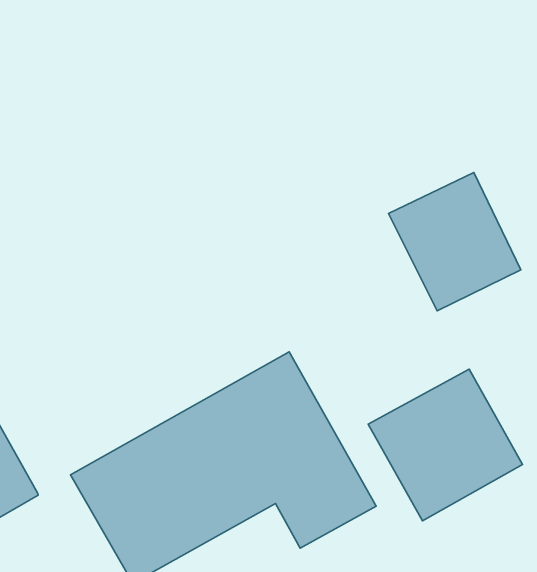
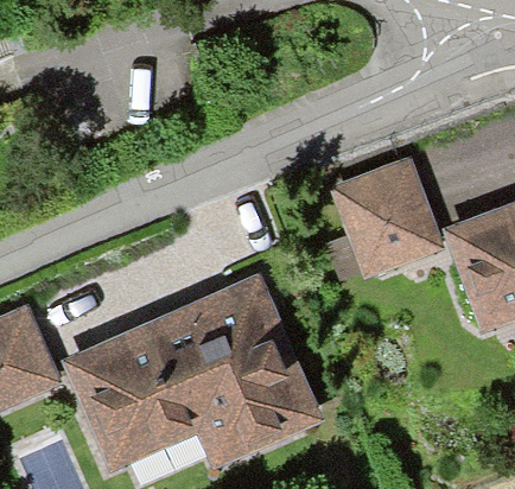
building: [368,369,522,521] -> none

